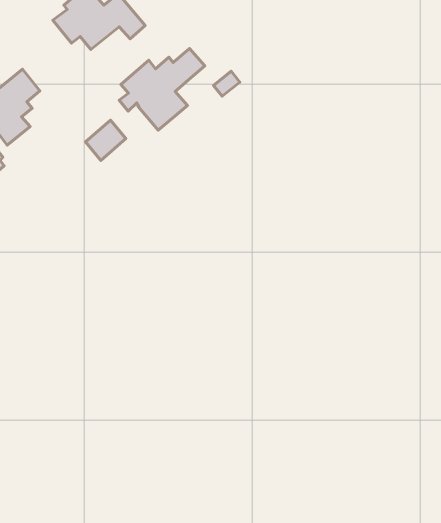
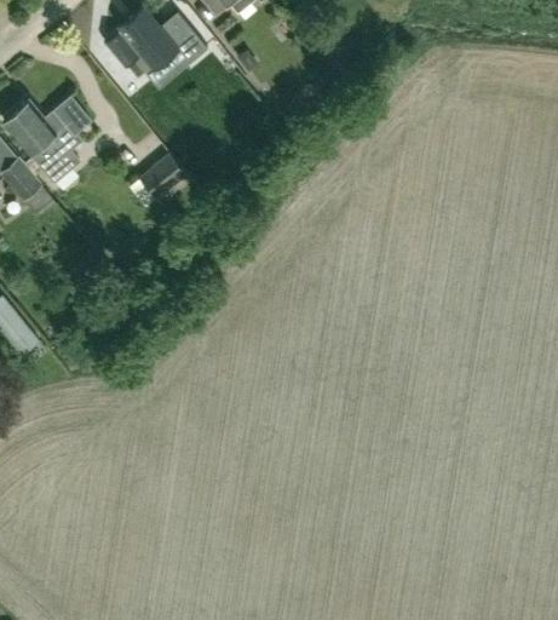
building: [119,49,205,130] -> none

